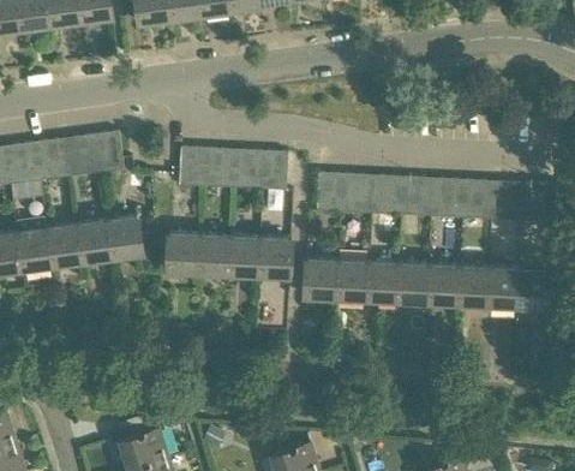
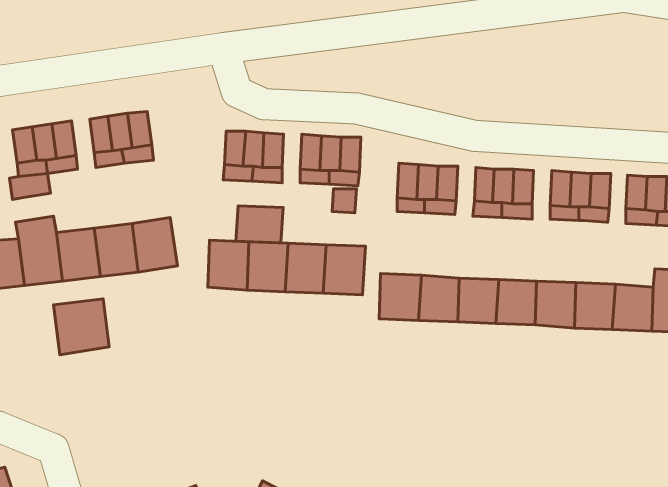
building: none -> [236,206,283,243]
building: none -> [53,299,109,355]

